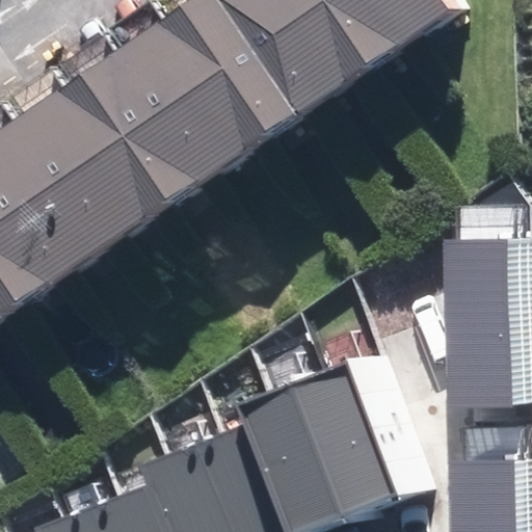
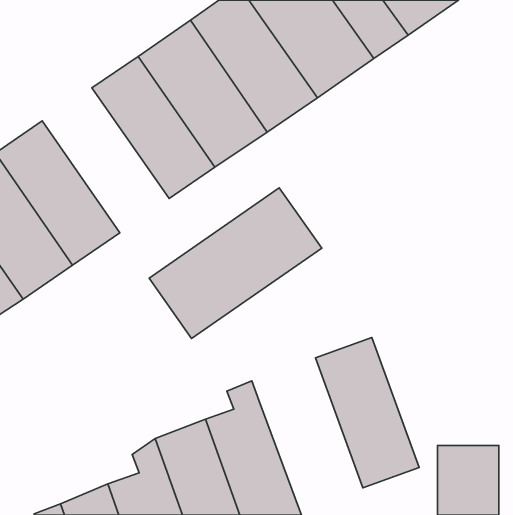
building: [44,90,175,240] -> none
building: none -> [149,188,322,339]
building: [442,239,506,404] -> none
building: [260,369,374,526] -> none

